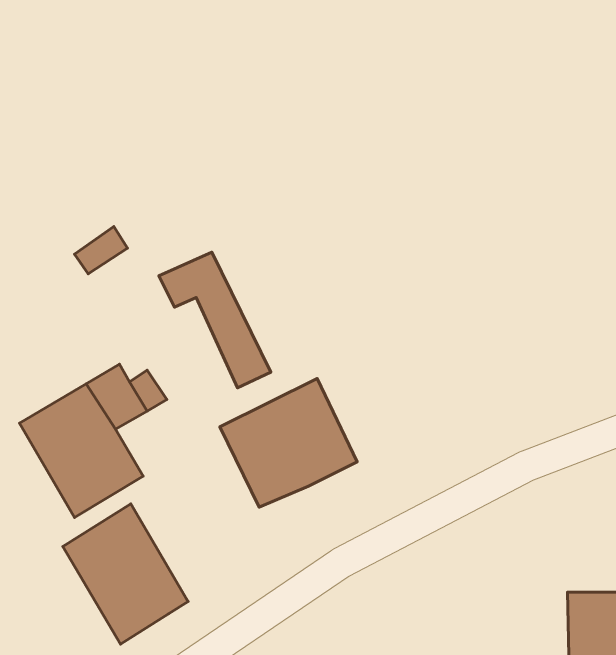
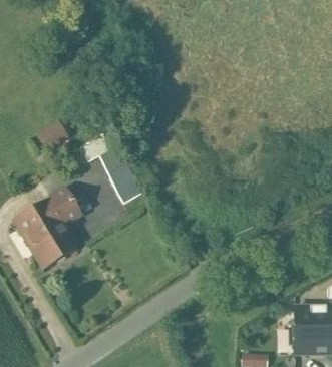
building: [220,379,357,507] -> none
building: [63,504,188,644] -> none

